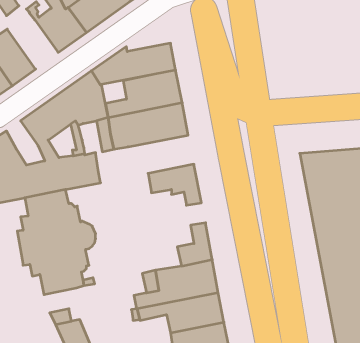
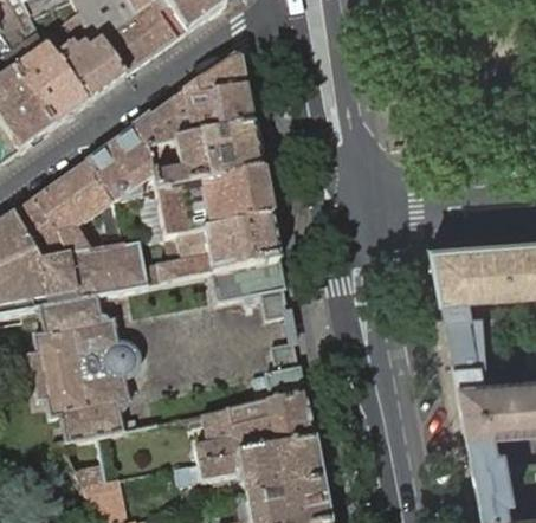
building: none -> [13,44,85,124]
building: none -> [182,56,245,99]
building: none -> [12,198,66,260]
building: none -> [142,218,278,285]

